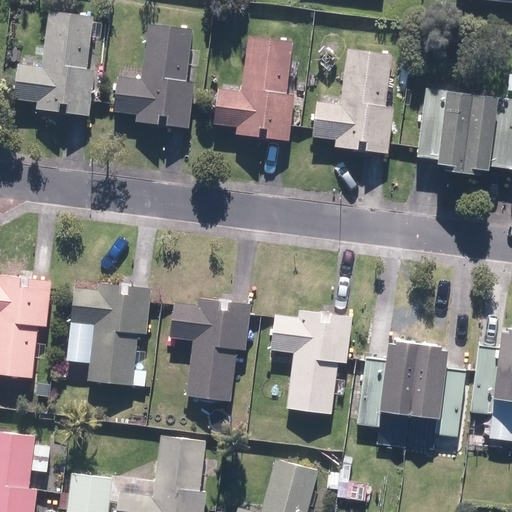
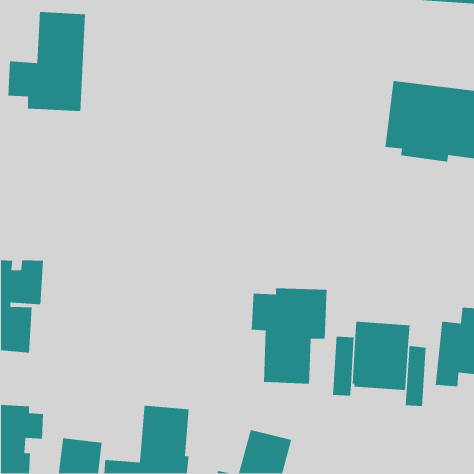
building: [112,27,197,132] -> none
building: [213,37,297,139] -> none
building: [312,52,392,153] -> none
building: [70,286,147,386] -> none
building: [168,298,251,401] -> none

